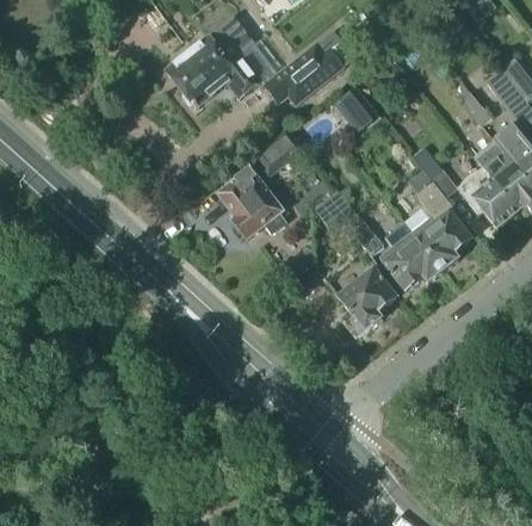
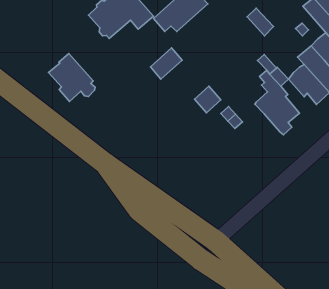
building: [334,88,372,130] -> [247,8,273,36]
building: [217,166,285,237] -> [48,54,95,102]
building: [378,219,444,289] -> none
building: [339,270,396,338] -> none

